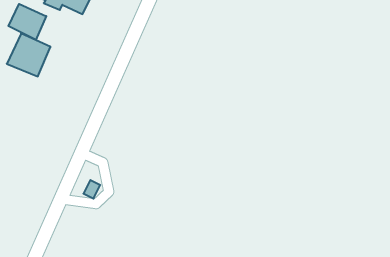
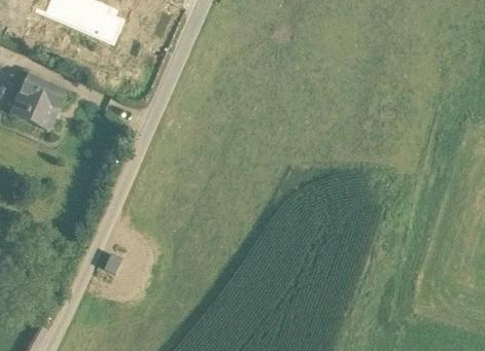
building: [8,4,46,40] -> none

